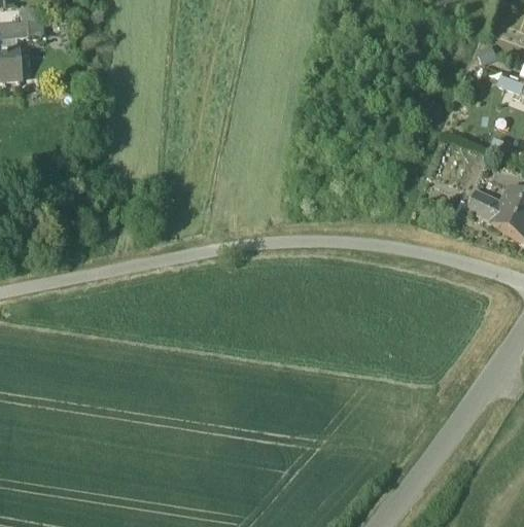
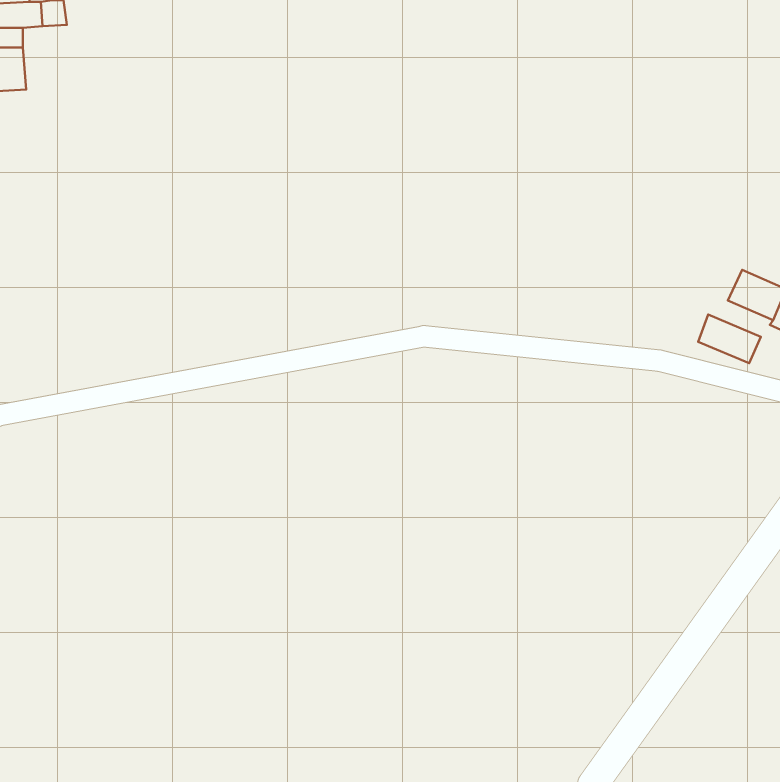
building: none -> [698,314,761,363]

